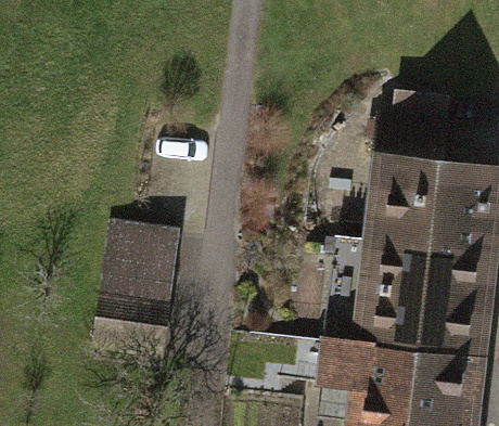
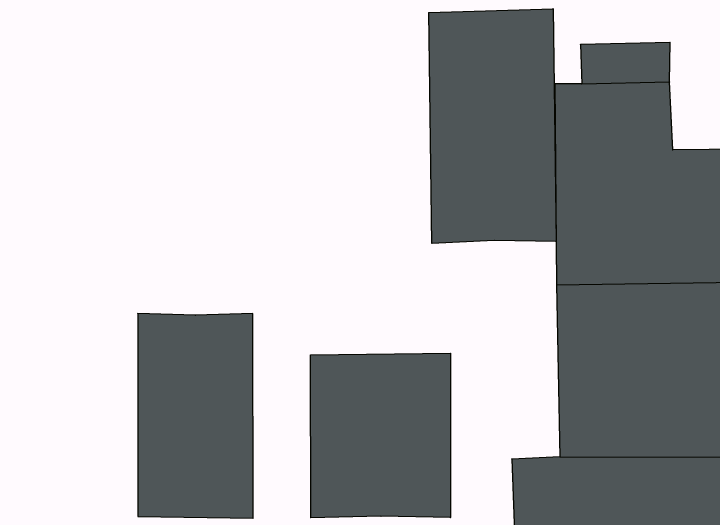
building: none -> [429,9,556,243]
building: none -> [311,353,451,518]

